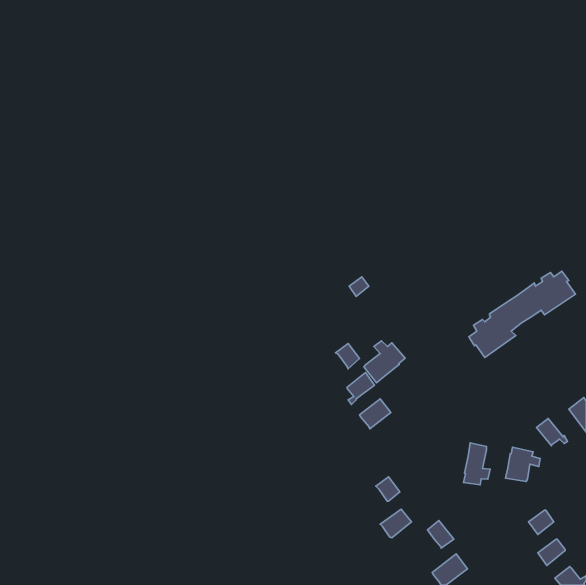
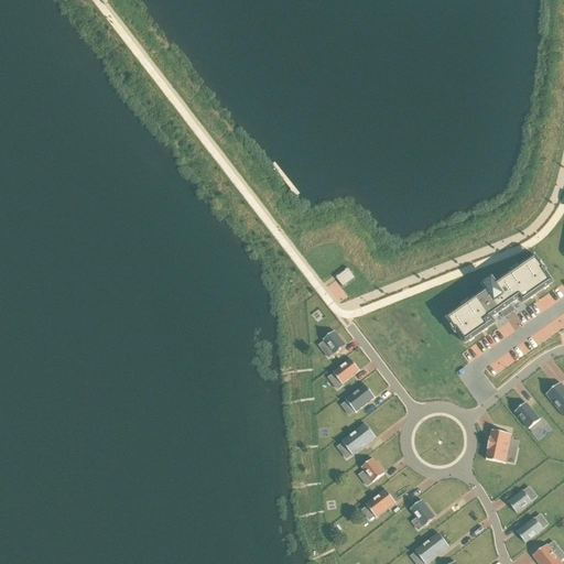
building: [364,341,405,383] -> none
building: none -> [340,422,376,455]
building: [464,443,490,485] -> none

